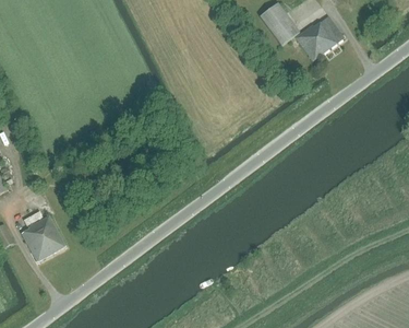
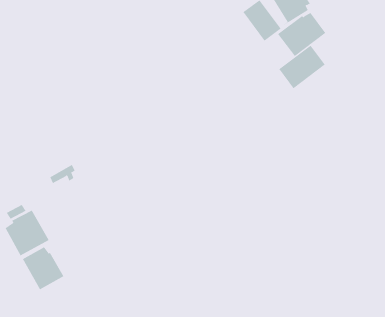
building: none -> [278,45,325,89]
building: none -> [22,246,64,290]

